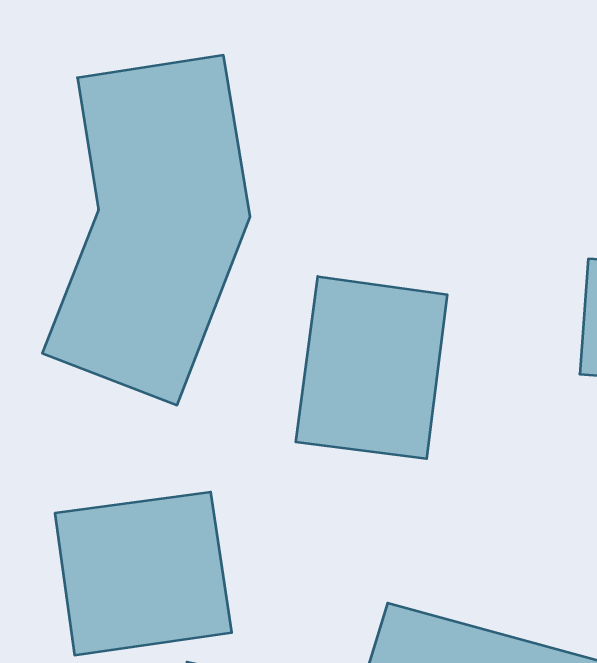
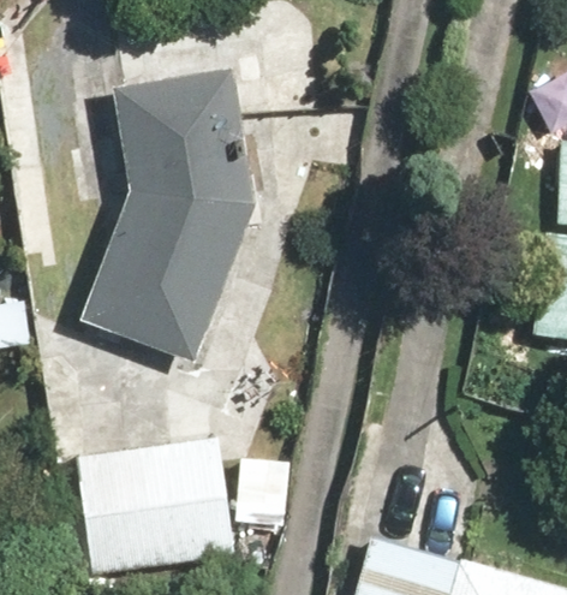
building: [296,276,447,459] -> none

